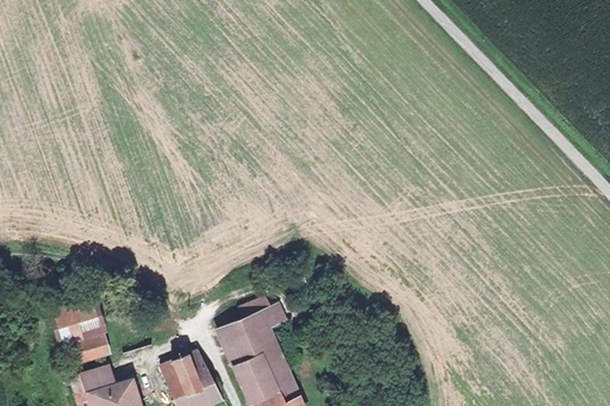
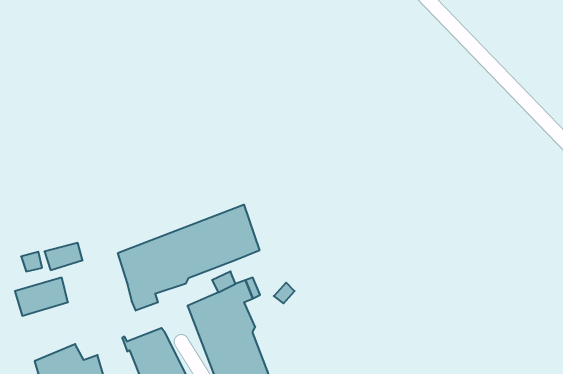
building: none -> [118,205,259,311]
building: [75,335,112,361] -> [44,243,83,270]

